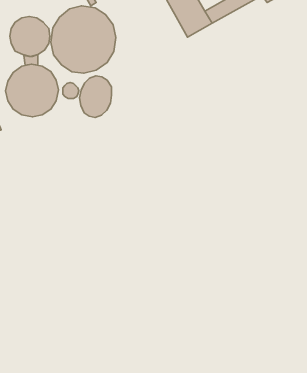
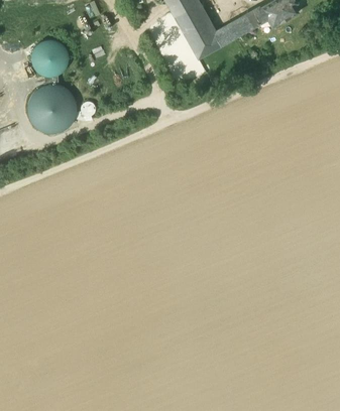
building: [51,6,116,73] -> none
building: [80,76,111,117] -> none

